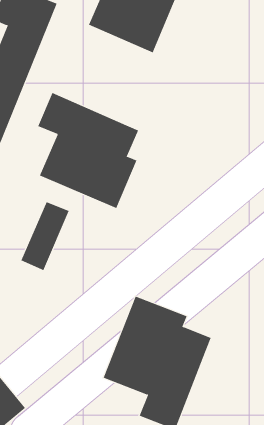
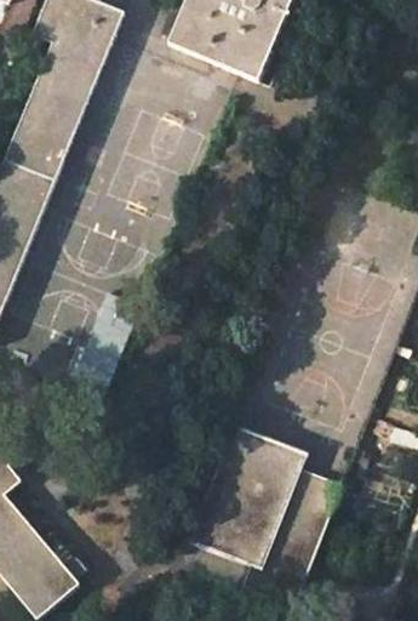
building: [38,92,139,209] -> none

